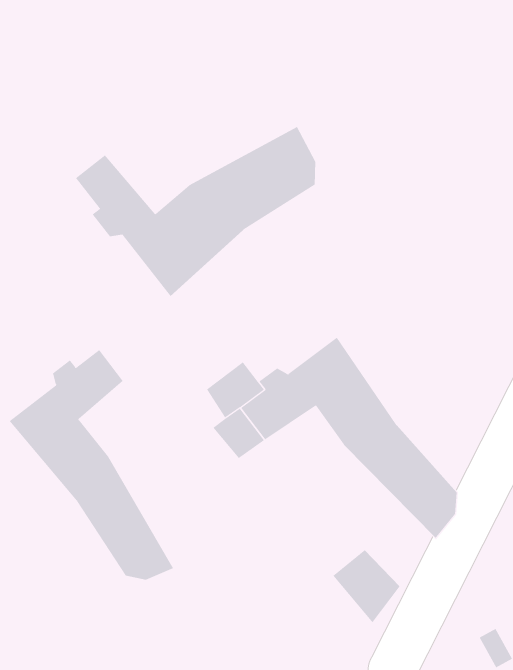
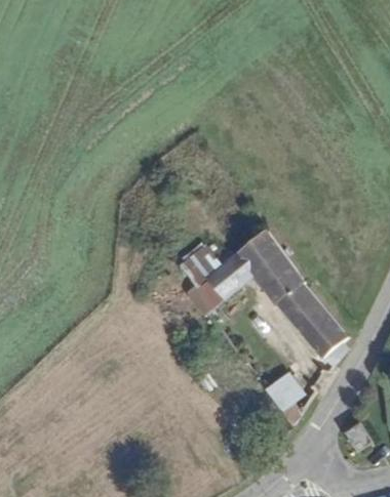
building: [75,126,316,297] -> none
building: [9,349,174,581] -> none

